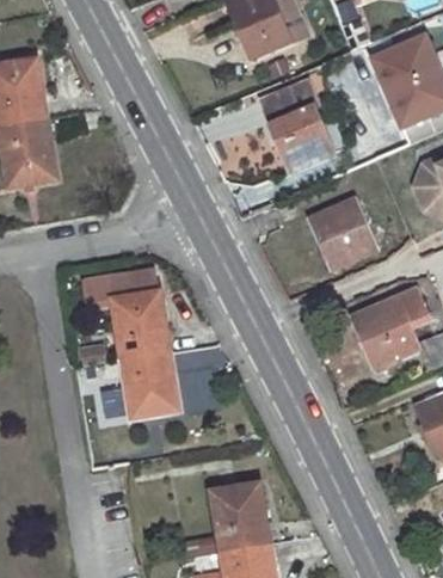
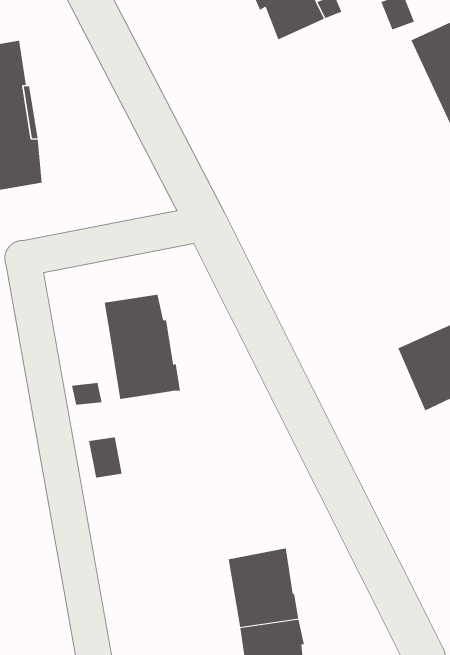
building: [260,79,334,171] -> none
building: [310,199,375,268] -> none
building: [121,351,180,419] -> none

